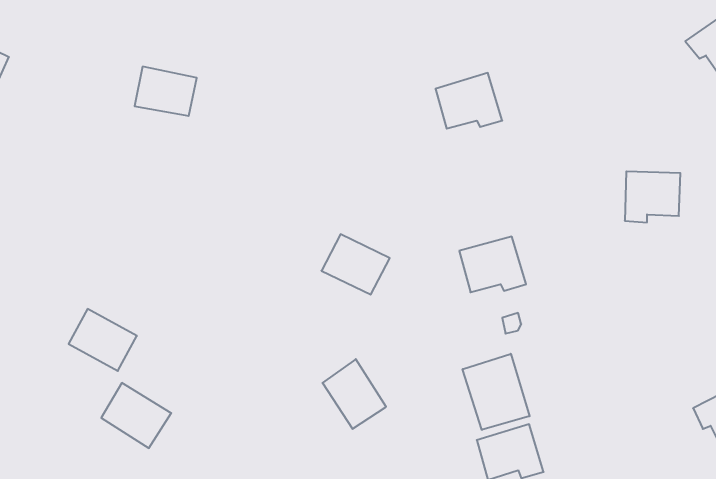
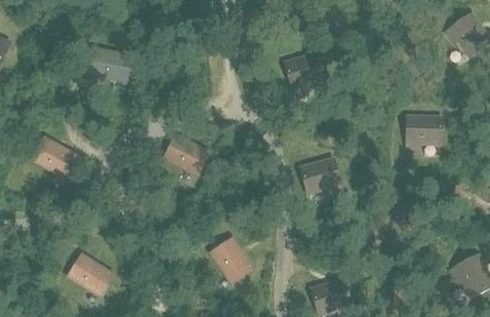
building: [321,234,390,295] -> [163,134,207,173]
building: [69,309,137,371] -> [34,136,78,176]
building: [463,354,530,430] -> none

